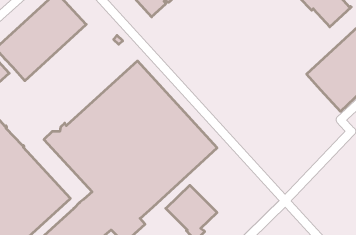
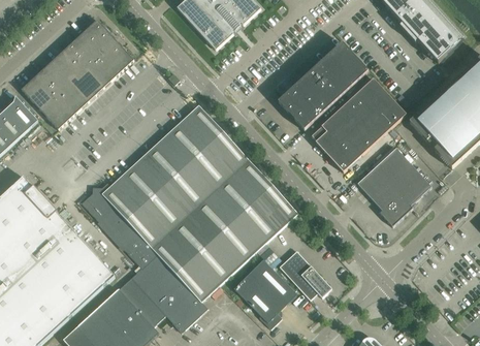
building: none -> [278,42,367,129]
building: none -> [312,78,406,171]
building: none -> [357,148,430,226]
building: none -> [279,250,328,300]

